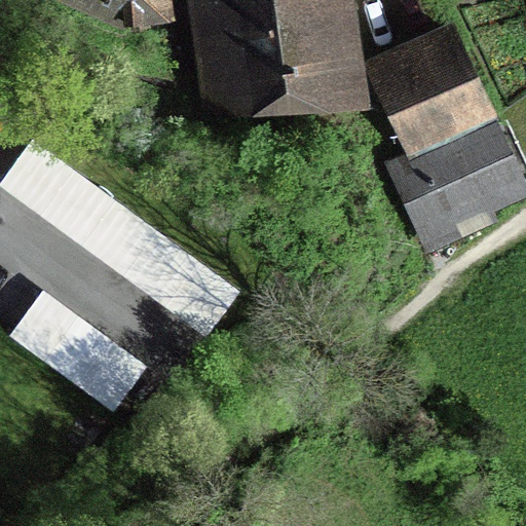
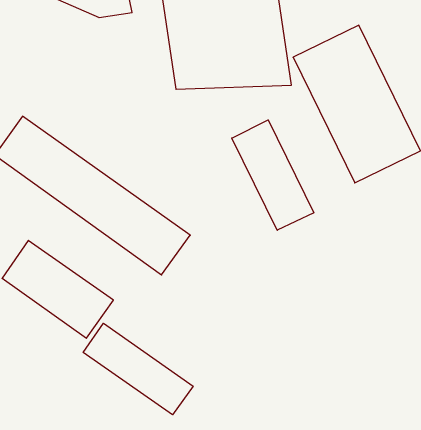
building: none -> [232,120,314,230]
building: none -> [83,323,193,415]

